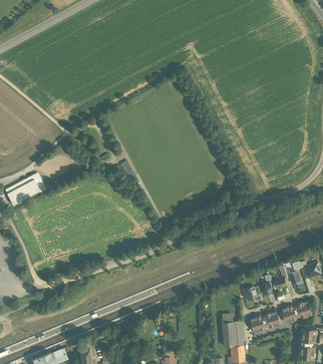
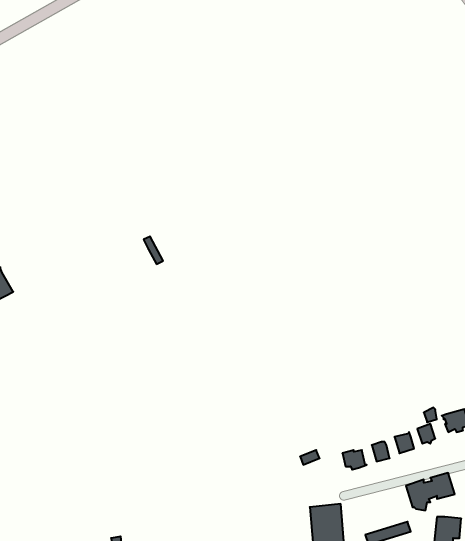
building: [249,310,280,333] -> none

